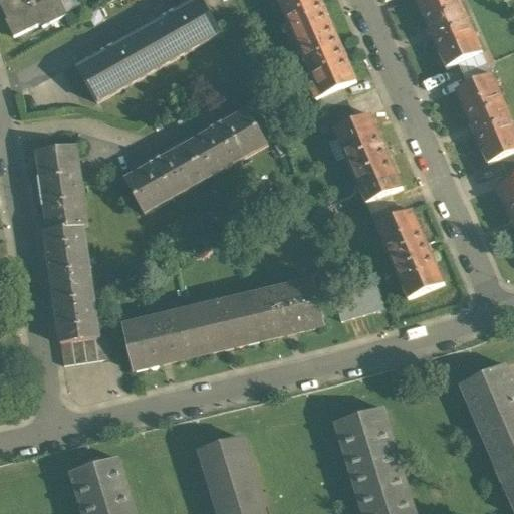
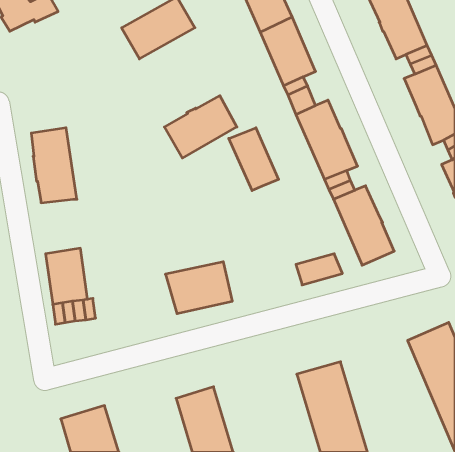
building: [75,31,157,101] -> none
building: [122,143,205,213] -> none
building: none -> [229,128,279,191]
building: [42,224,90,285] -> none
building: [251,279,322,338] -> none
building: [122,308,199,369] -> none

